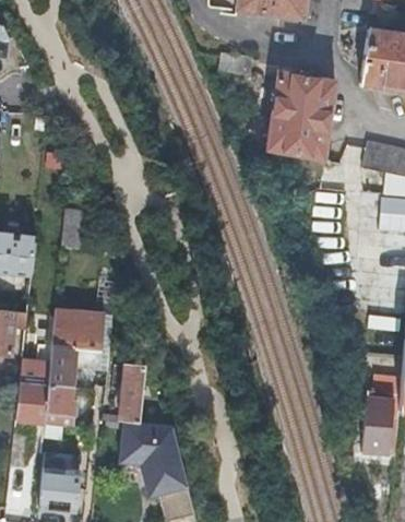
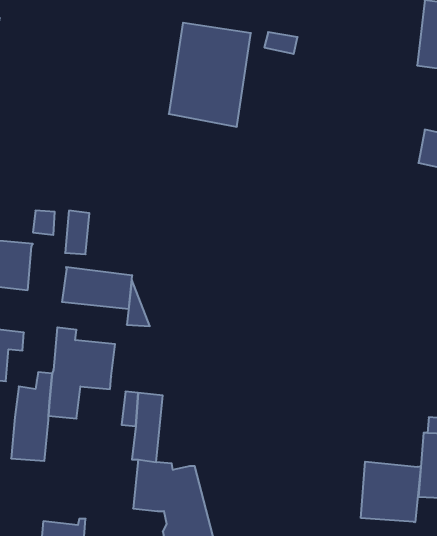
building: [265,72,335,161] -> [169,23,251,127]
building: none -> [62,267,132,309]
building: [44,382,73,424] -> none
building: none -> [361,462,421,522]

